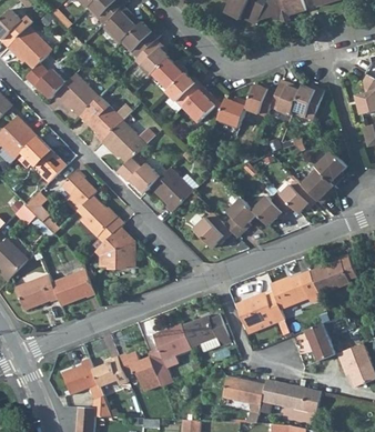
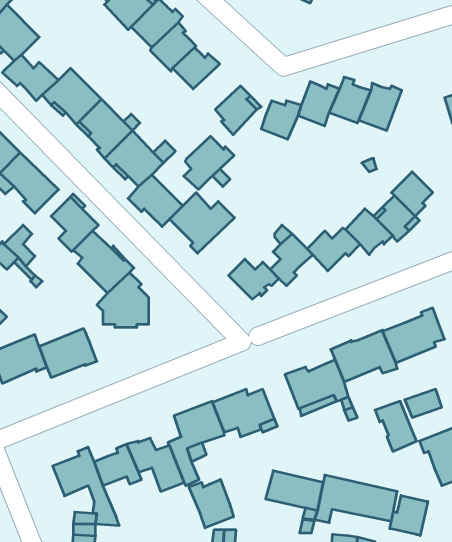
building: [164,72,202,112] -> [184,136,234,189]
building: none -> [189,479,233,528]
building: none -> [390,495,428,536]

